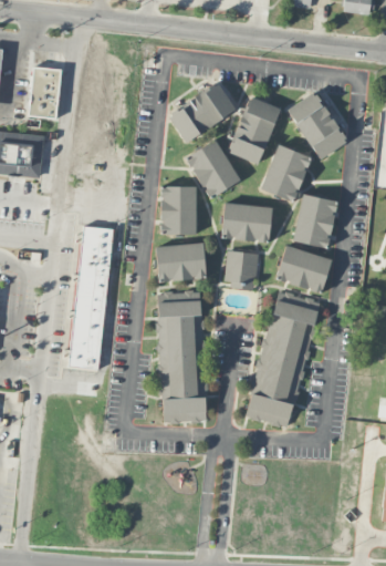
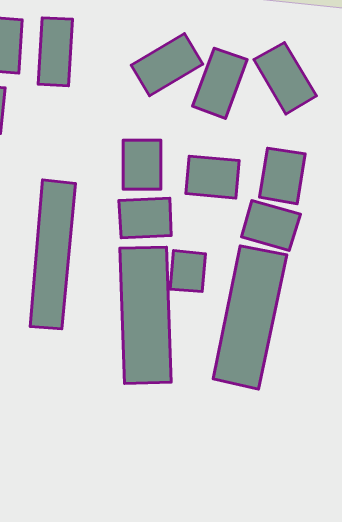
building: none -> [38,18,73,86]
building: [184,138,240,199] -> none
building: [260,144,311,203] -> none
building: [223,249,258,289] -> [170,251,205,291]

